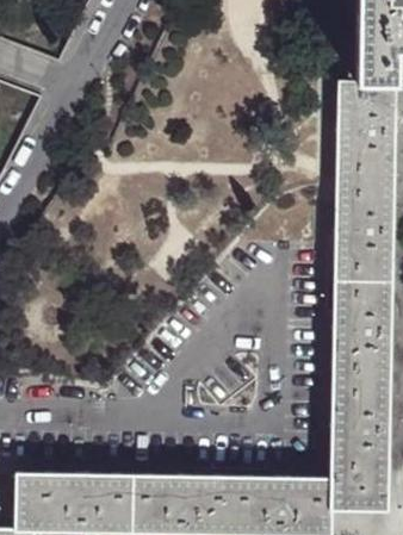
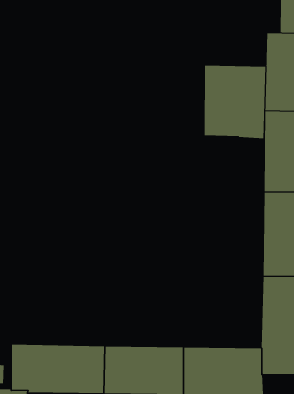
building: none -> [204,65,266,139]

